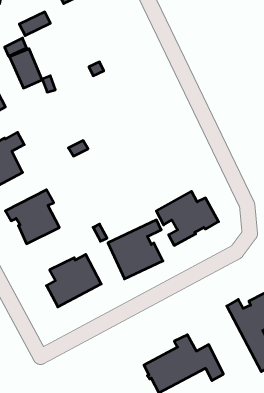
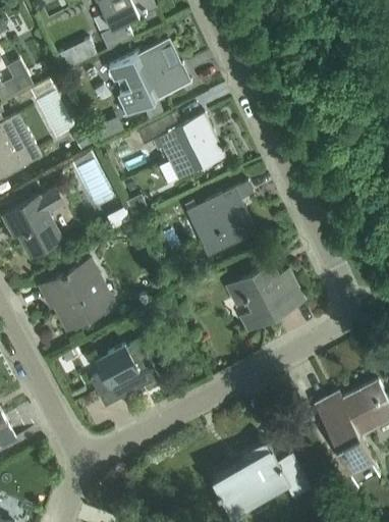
building: none -> [108,42,190,116]
building: none -> [136,112,226,179]
building: [108,220,163,279] -> [186,182,255,256]

